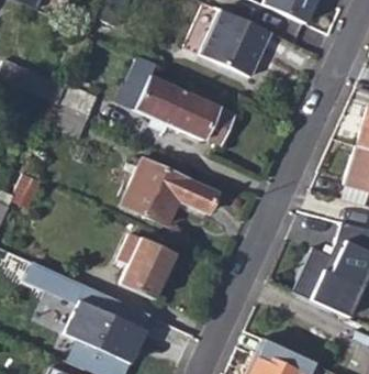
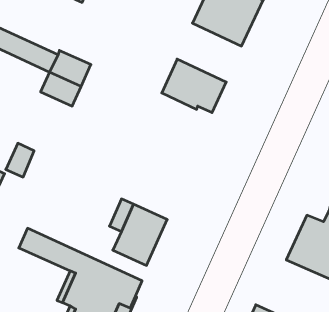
building: [125,55,185,124] -> none
building: [120,156,217,228] -> none

